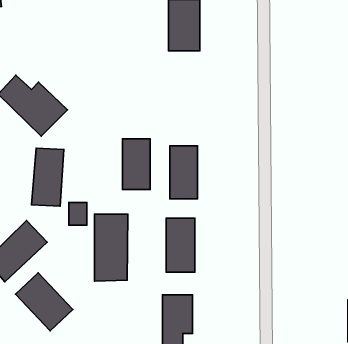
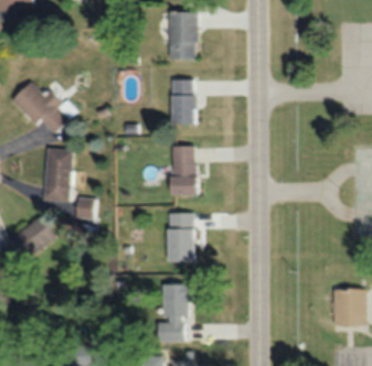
building: [122,139,150,189] -> [170,78,195,125]
building: [94,214,128,281] -> none
building: [15,273,73,331] -> none

